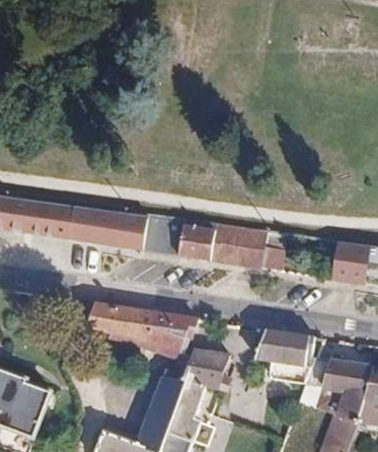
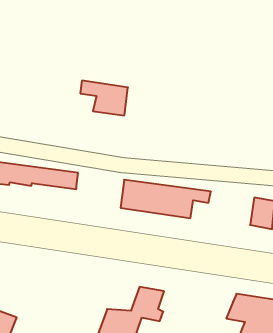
building: [125,214,181,255] -> [80,81,128,115]
building: [88,303,204,352] -> none
building: [254,329,315,367] -> none

